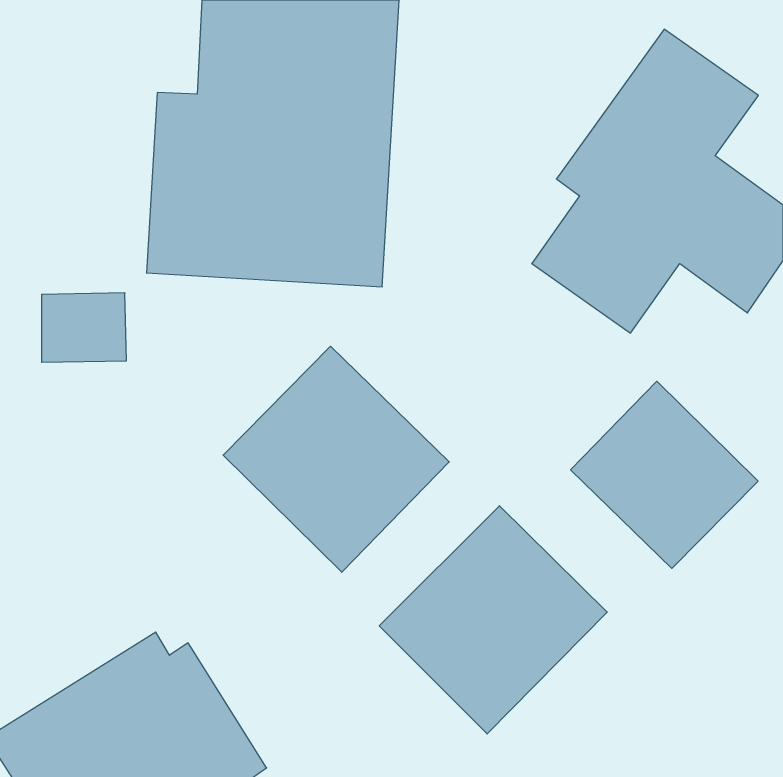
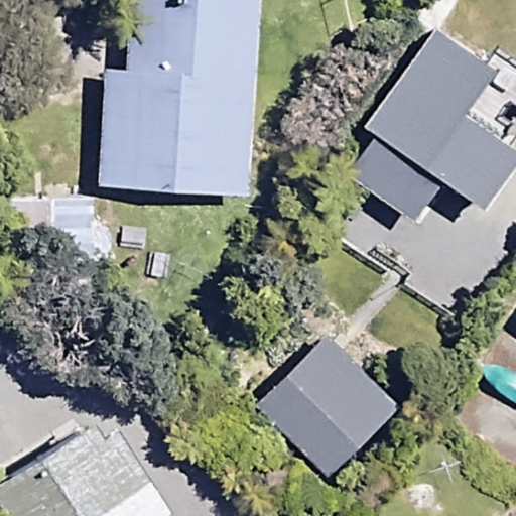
building: [223,346,449,572] -> none
building: [571,381,758,568] -> none

